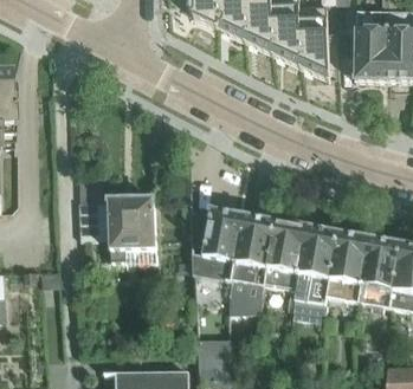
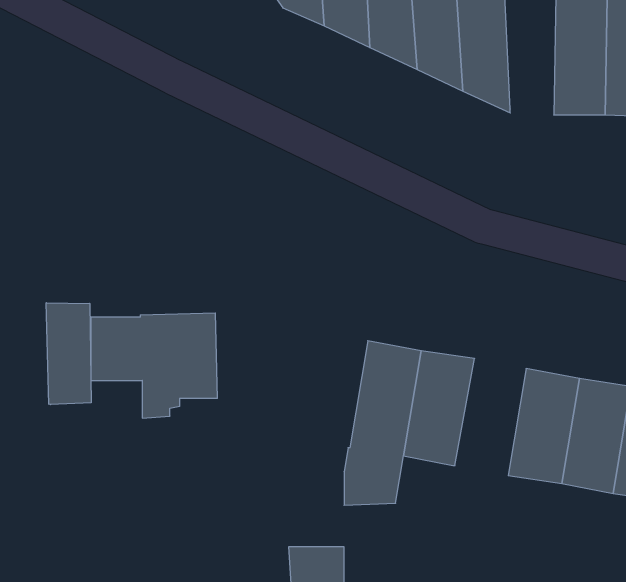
building: none -> [46,303,91,405]
building: [192,209,244,280] -> none
building: [292,227,338,323] -> none

